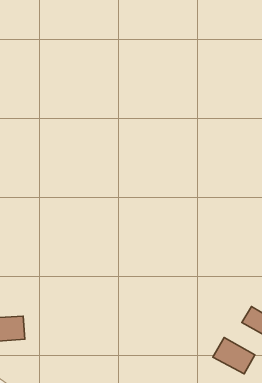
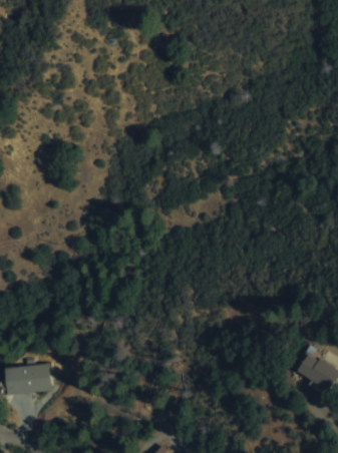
building: [213,337,255,374] -> none

